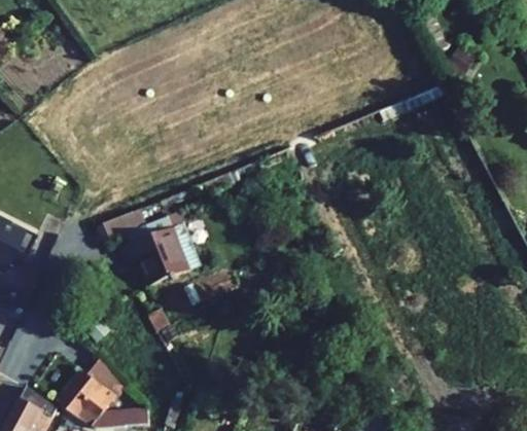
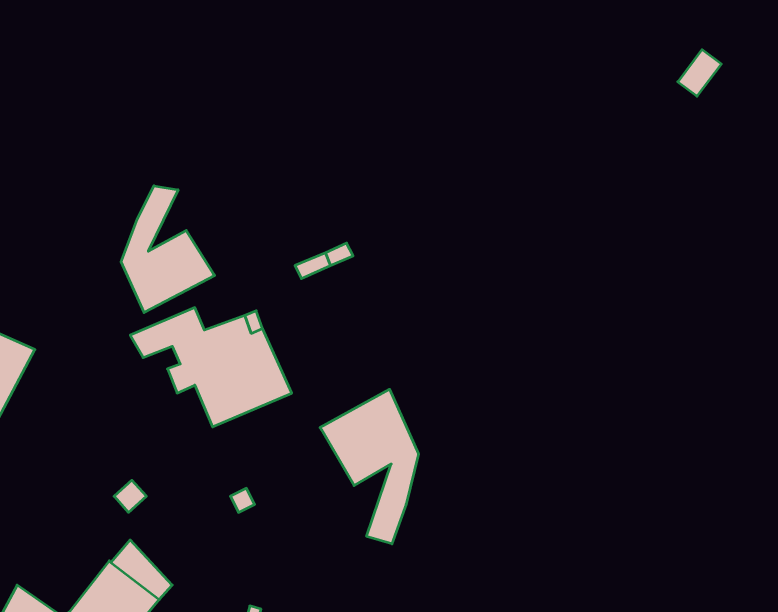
building: none -> [121,186,215,313]
building: none -> [320,389,418,544]

